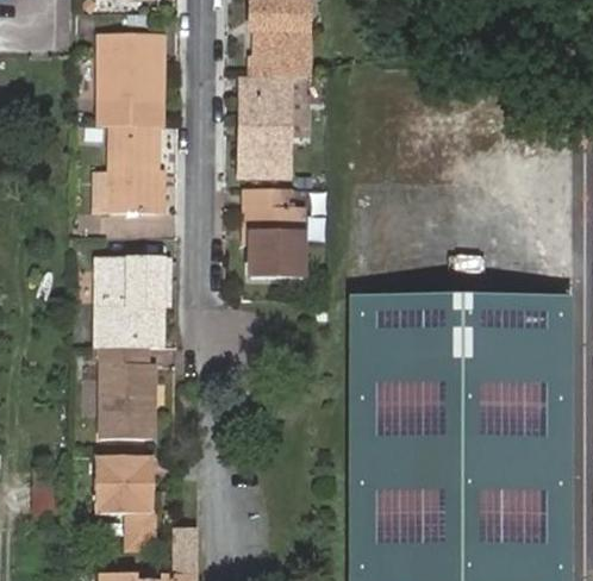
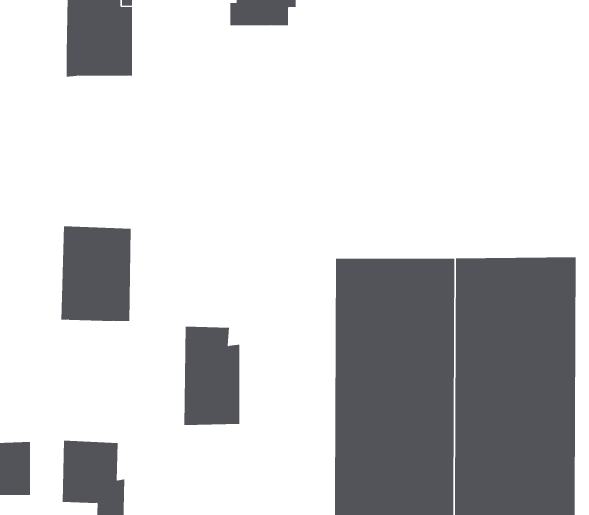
building: [241,77,289,177] -> none
building: [111,124,158,211] -> none
building: [246,189,304,279] -> none
building: [101,349,154,441] -> [183,326,240,426]

